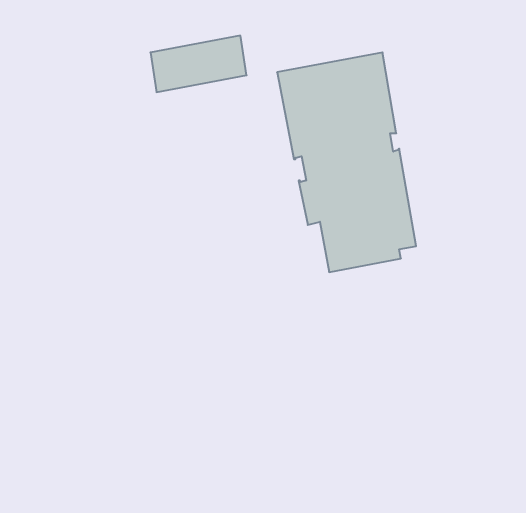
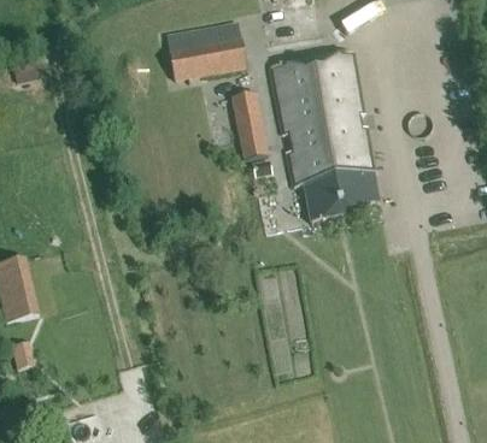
building: none -> [230,90,268,159]

